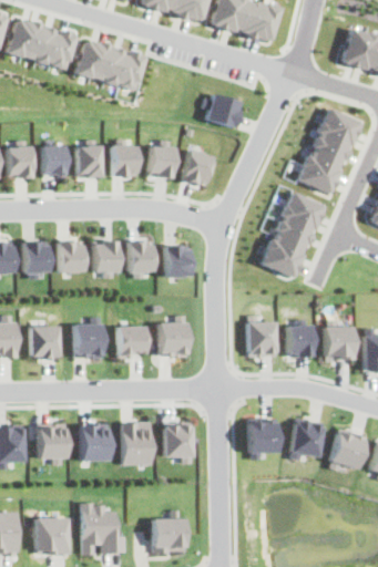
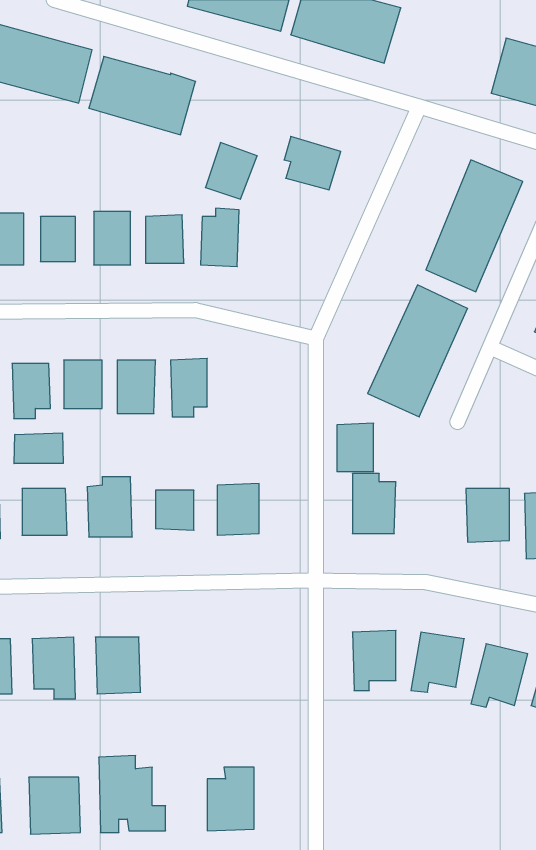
building: [181,148,215,186] -> [205,143,257,199]
building: [165,245,191,277] -> none
building: none -> [14,433,63,464]
building: [289,324,314,357] -> [337,423,374,472]
building: [121,422,152,464] -> none
building: [163,424,193,463] -> none

